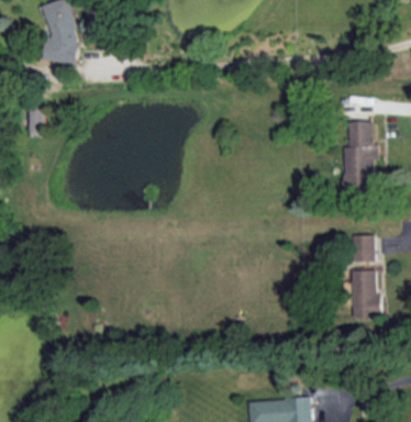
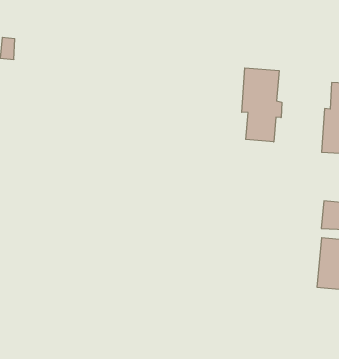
building: none -> [242,68,282,142]

